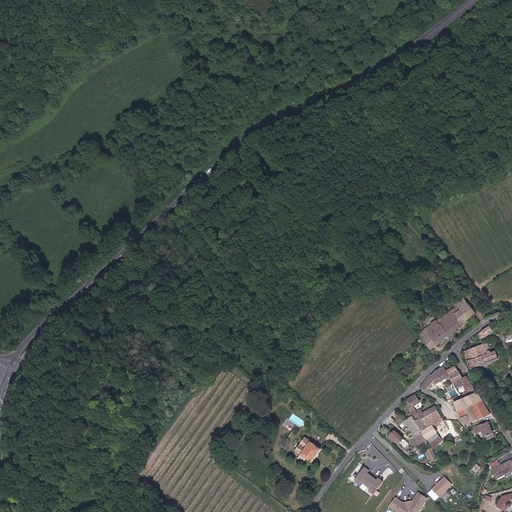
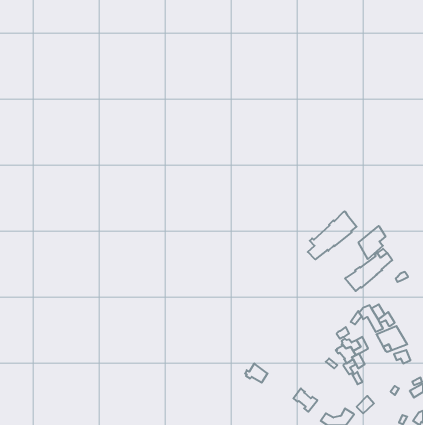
building: none -> [308,211,357,259]
building: none -> [359,226,385,259]
building: [465,343,499,369] -> none

